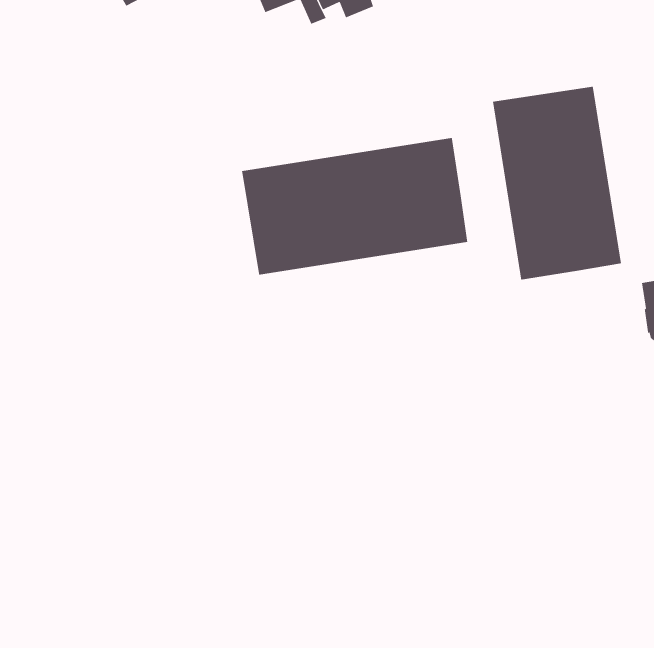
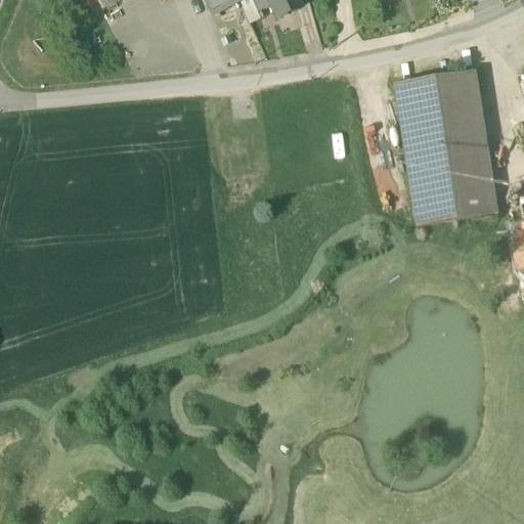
building: [241,137,468,275] -> none

